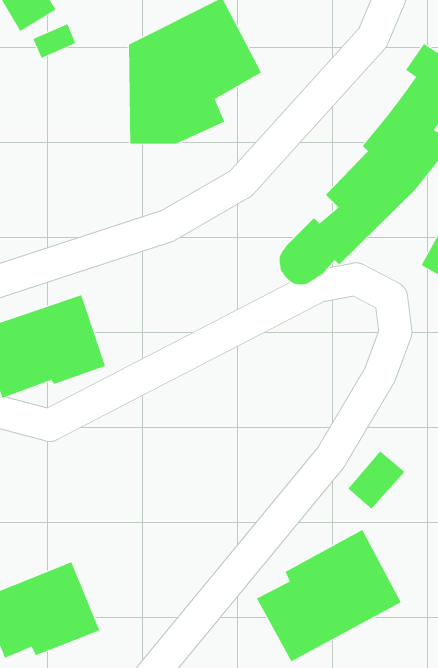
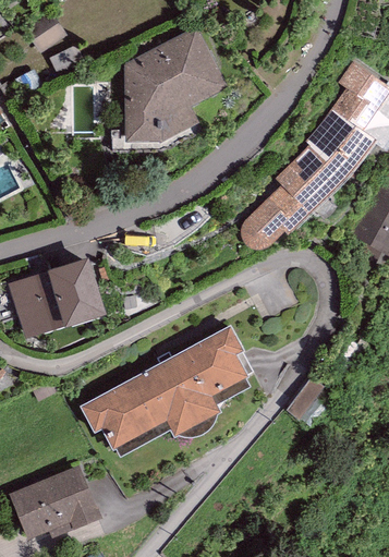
building: none -> [80,326,248,458]
building: [256,529,402,662] -> none

